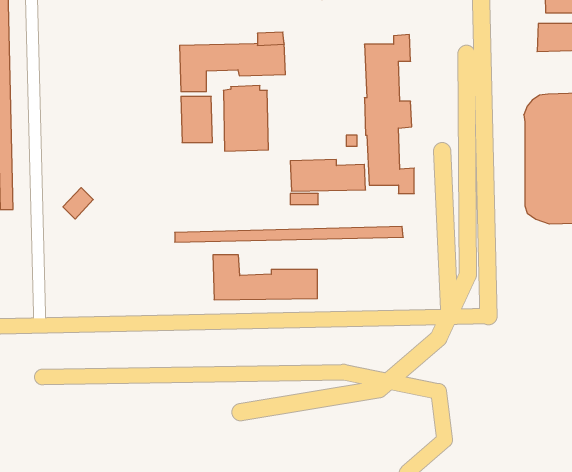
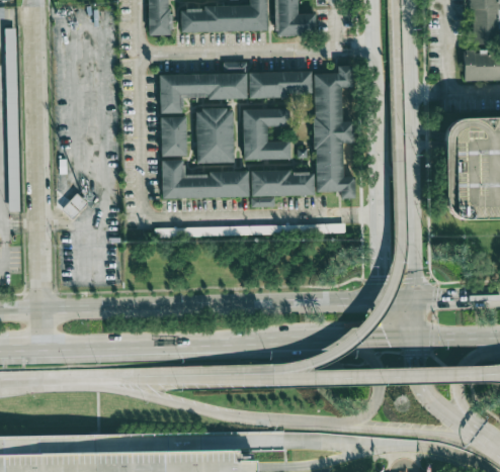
building: none -> [249,71,312,98]
building: none -> [244,108,290,159]
building: [213,255,317,300] -> [162,159,249,196]

